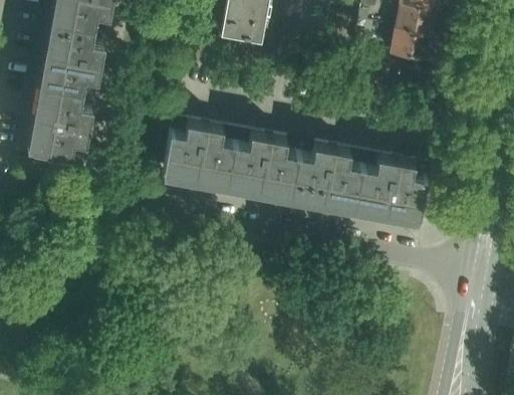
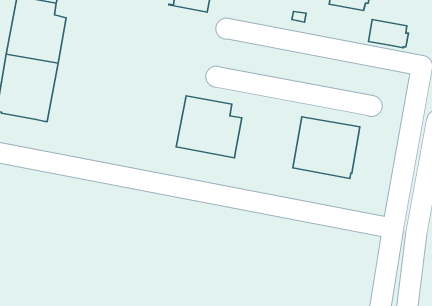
building: [392,32,436,63] -> [369,20,409,48]
building: [164,122,238,190] -> none
building: [291,148,365,213] -> none

